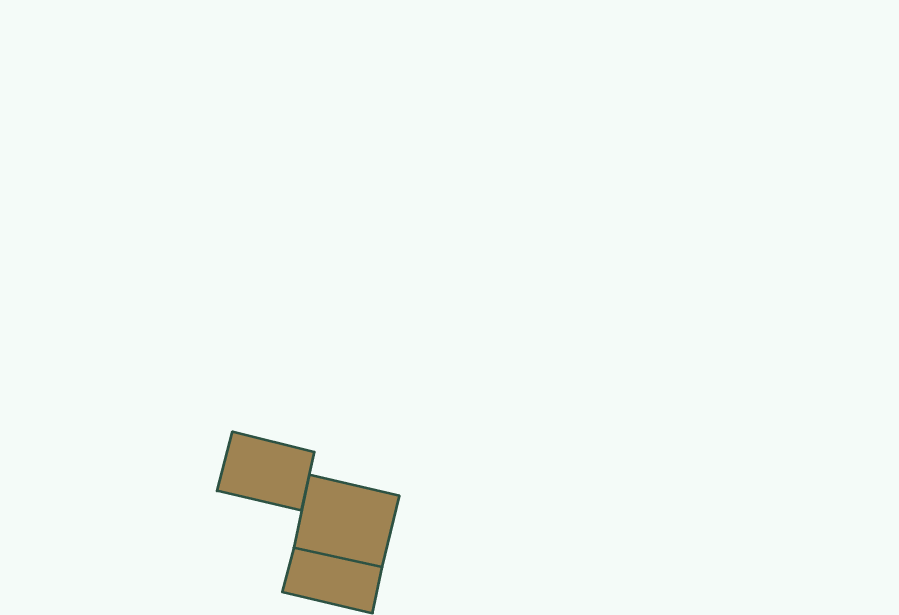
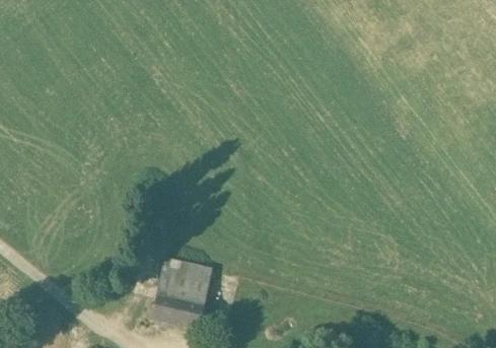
building: [217,432,314,511] -> none

